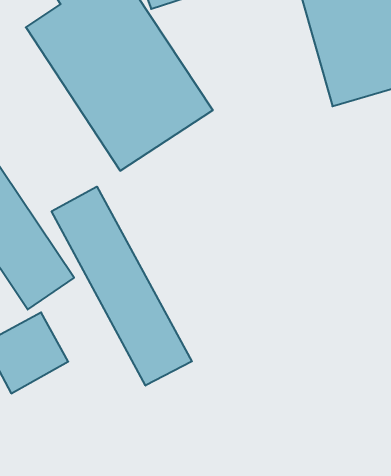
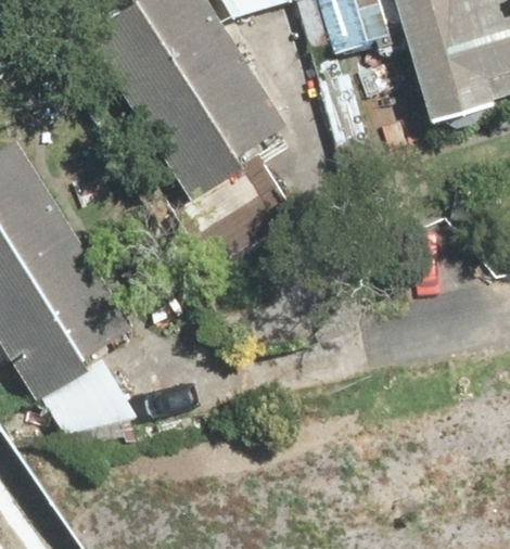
building: [52,187,192,386] -> none

